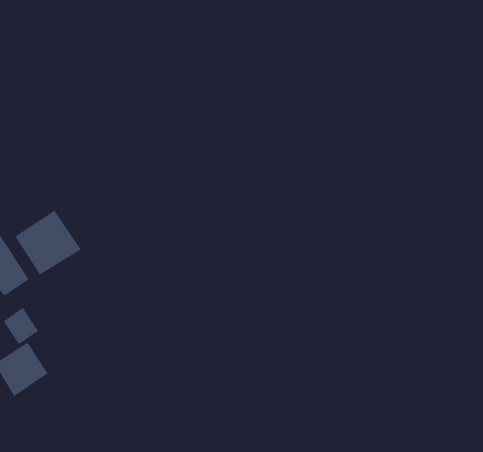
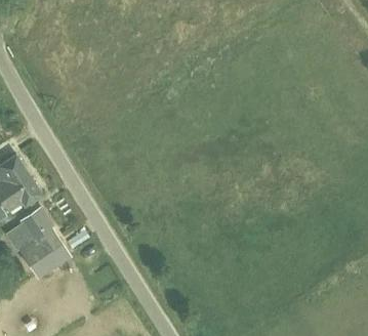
building: [14,210,82,275] -> none

